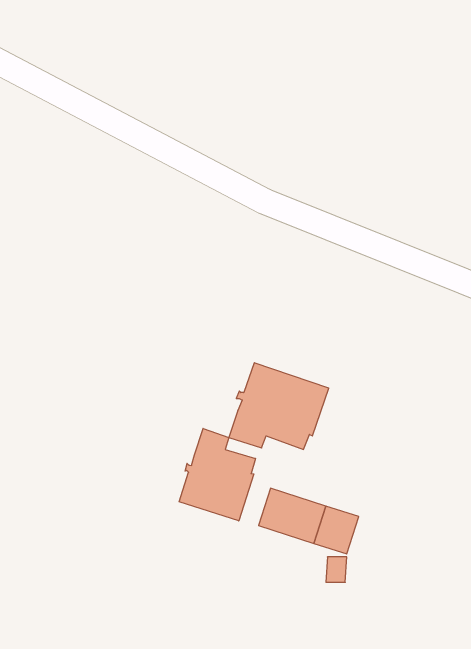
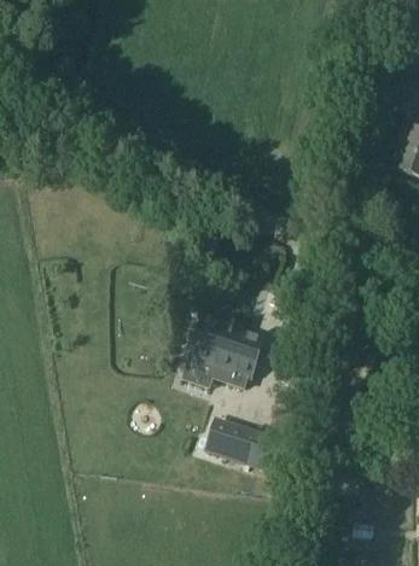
building: [179,428,255,521] -> none

